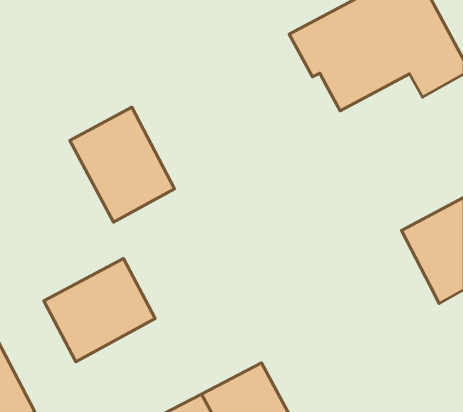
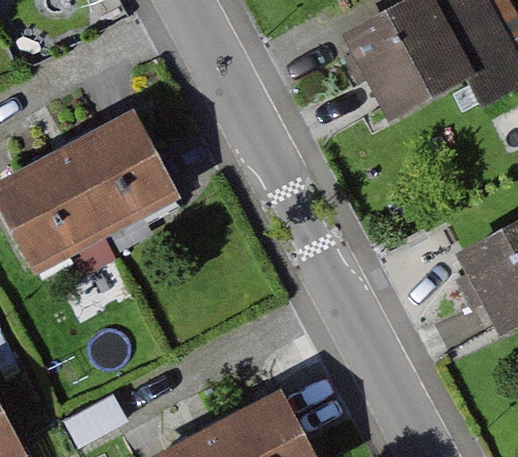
building: none -> [10,156,127,282]
building: [44,258,155,362] -> none

